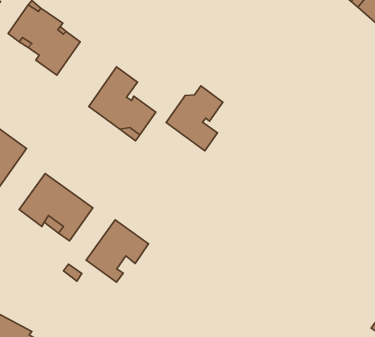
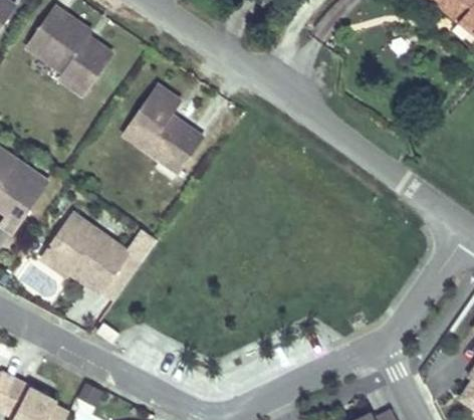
building: [166,86,223,151] -> none
building: [86,220,149,282] -> none

